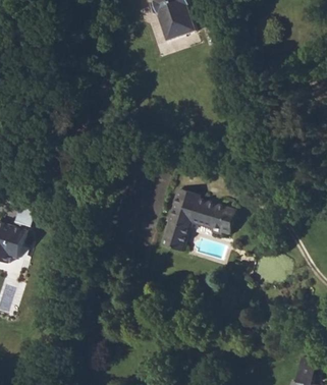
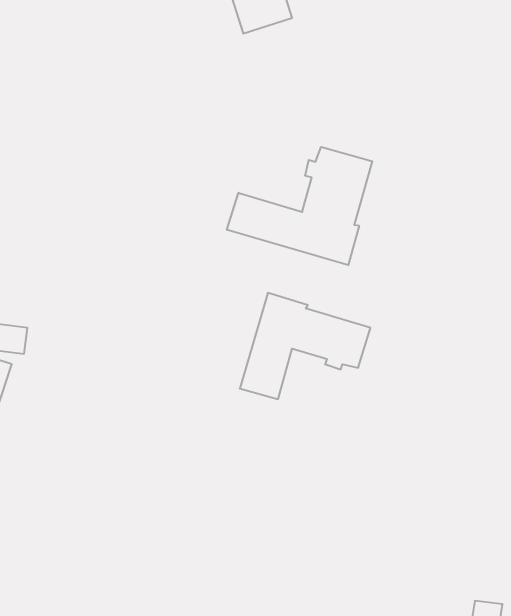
building: none -> [227,147,372,265]

